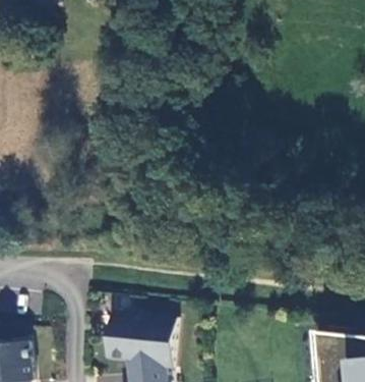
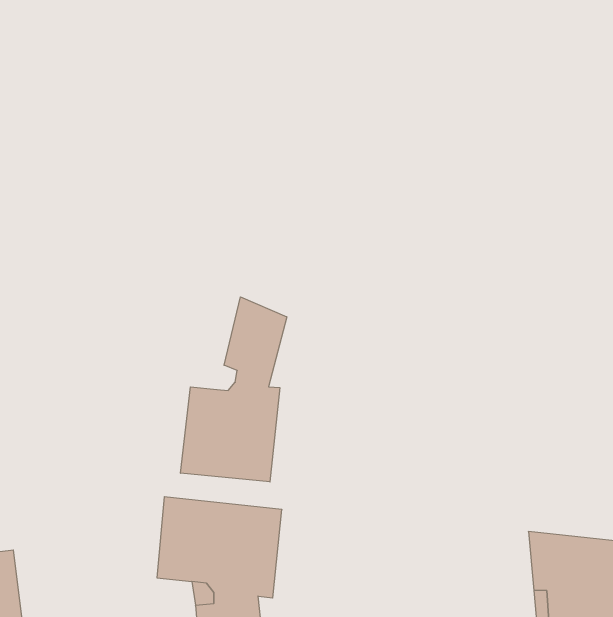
building: none -> [181,297,287,482]

